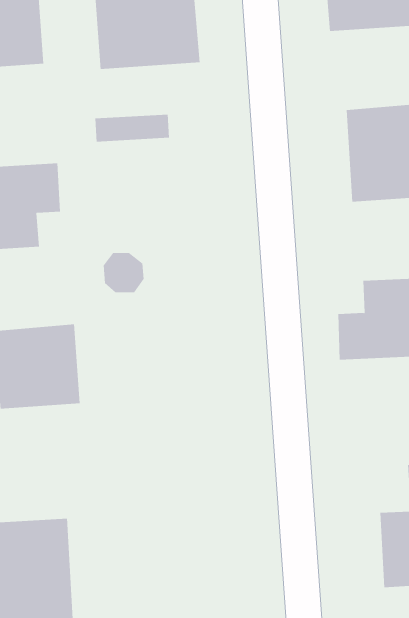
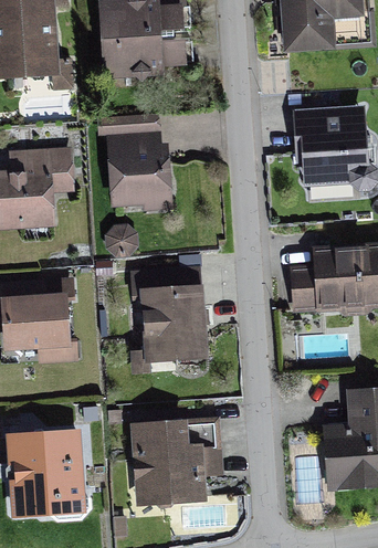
building: none -> [106,136,170,208]
building: none -> [147,274,219,348]
building: none -> [130,421,222,505]

